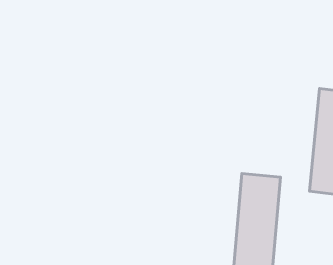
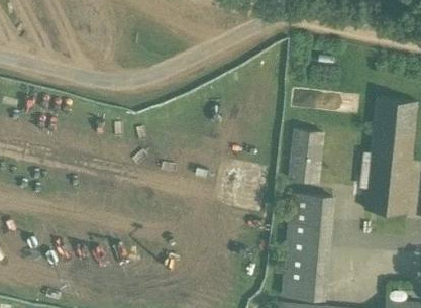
building: none -> [287,128,325,184]

